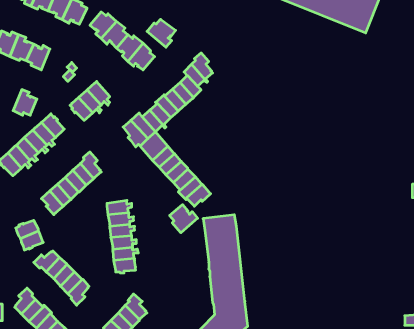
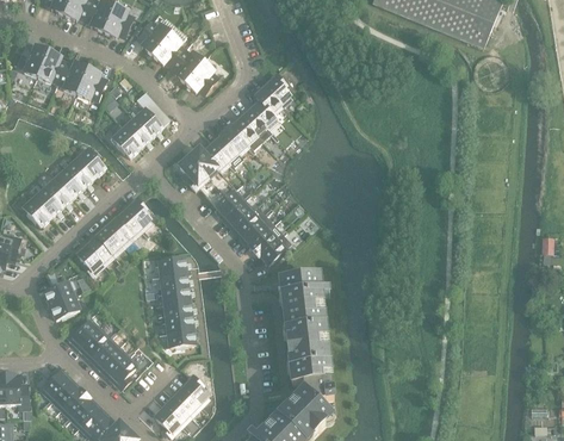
building: [147,19,176,47] -> none
building: [13,90,37,115] -> [74,67,104,99]
building: [170,205,198,233] -> none

